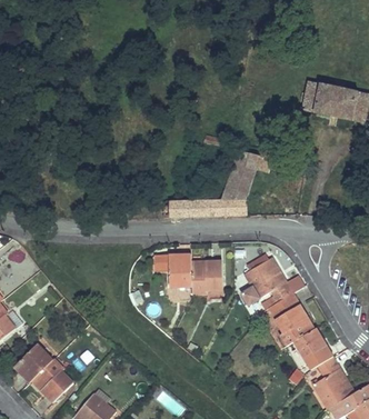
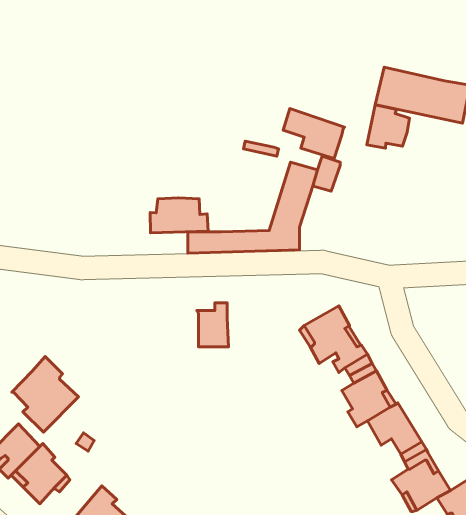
building: none -> [367,105,410,148]
building: none -> [283,108,345,158]
building: none -> [150,198,208,233]
building: [190,261,222,292] -> none
building: none -> [12,357,79,432]

